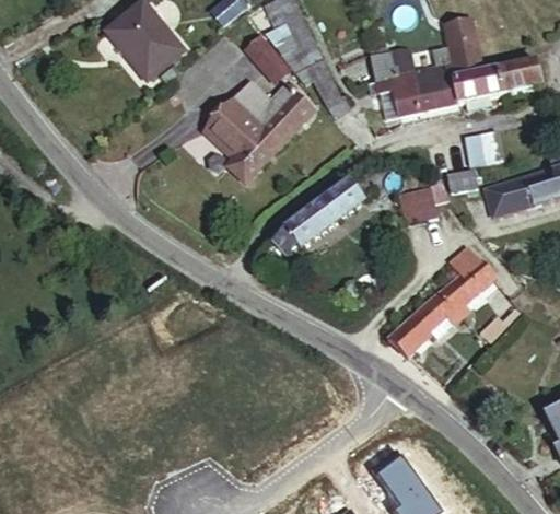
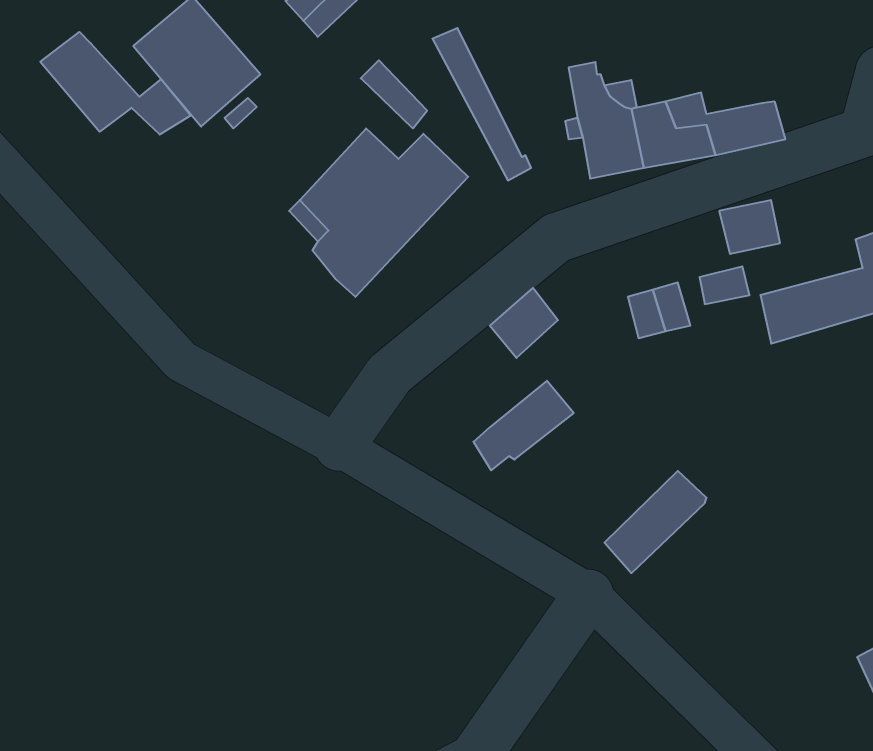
building: [445,17,489,74] -> none
building: none -> [40,32,191,135]
building: [495,56,541,90] -> none
building: [278,203,339,258] -> [473,381,574,470]
building: [438,245,492,308] -> none

